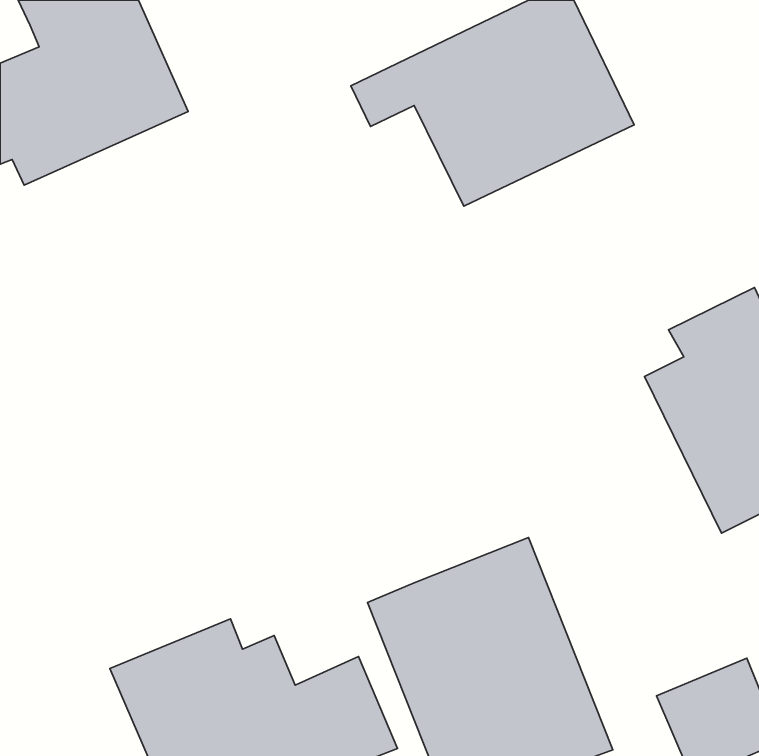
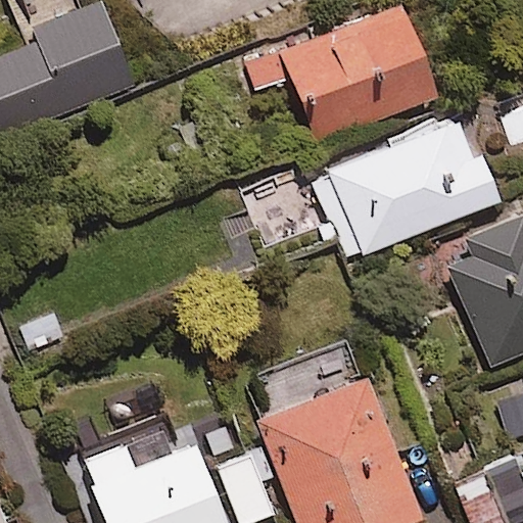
building: none -> [312,111,496,266]

